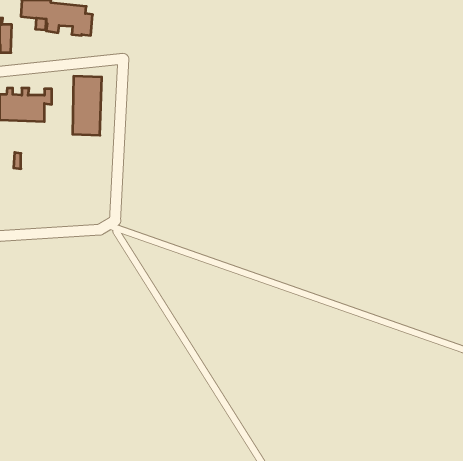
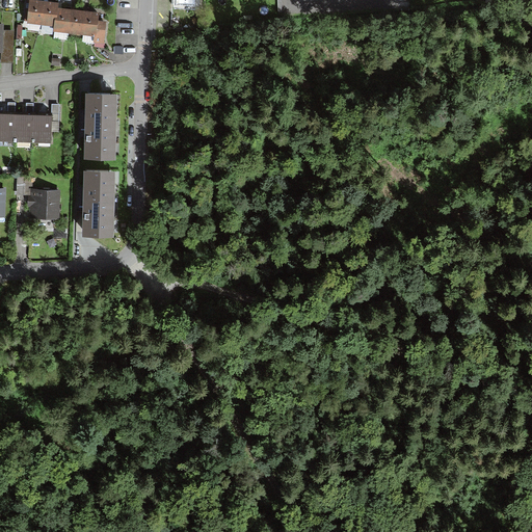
building: none -> [82,169,114,235]
building: none -> [30,190,60,219]

